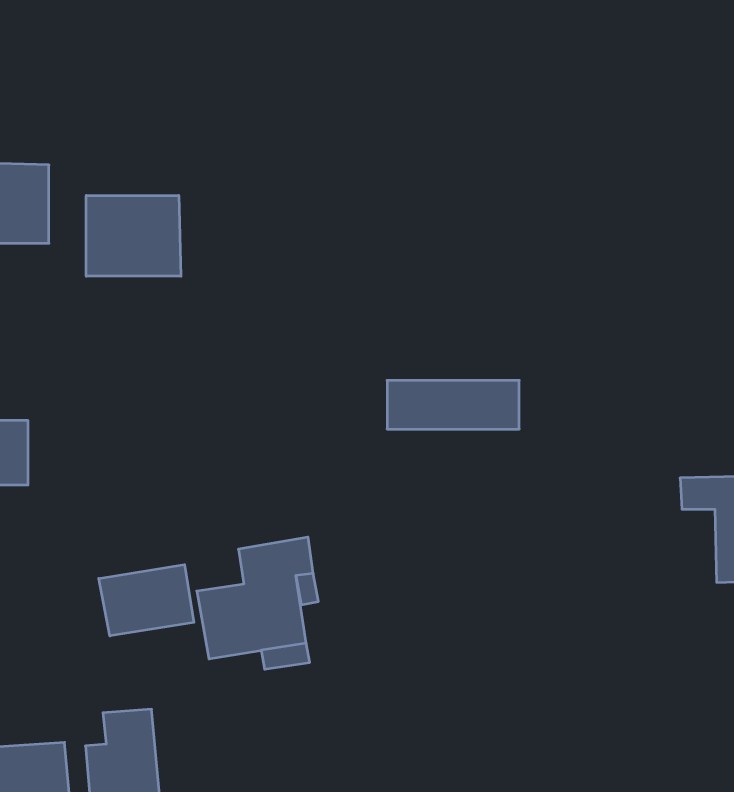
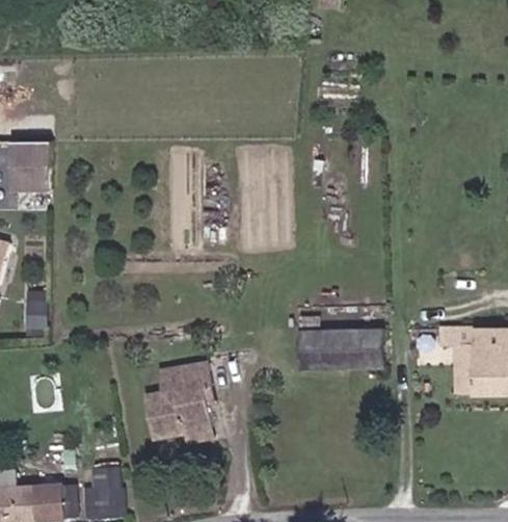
building: [86,195,181,276] -> none
building: [387,380,519,429] -> [299,334,378,363]
building: [99,565,194,636] -> none

